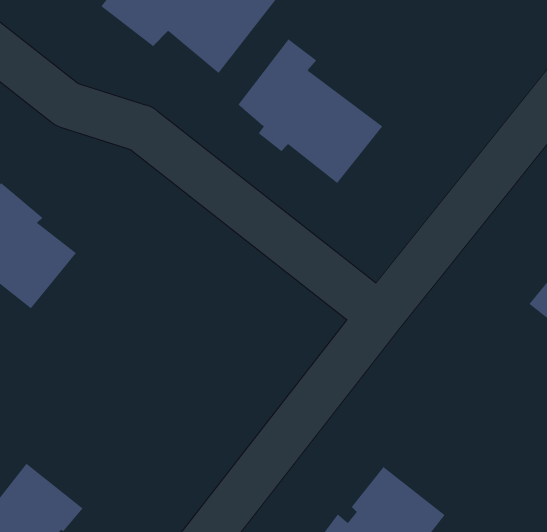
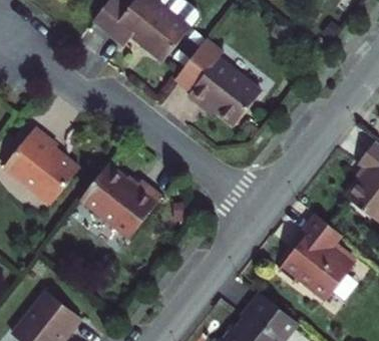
building: none -> [79,164,162,240]
building: none -> [276,216,351,302]

